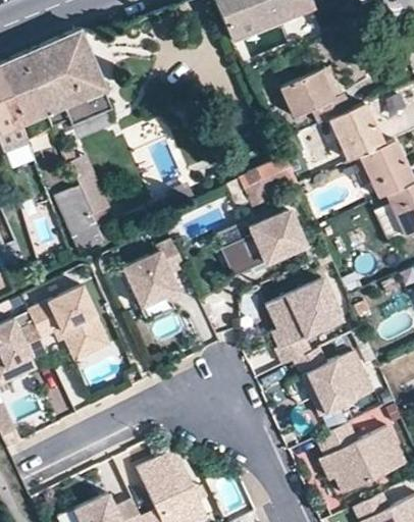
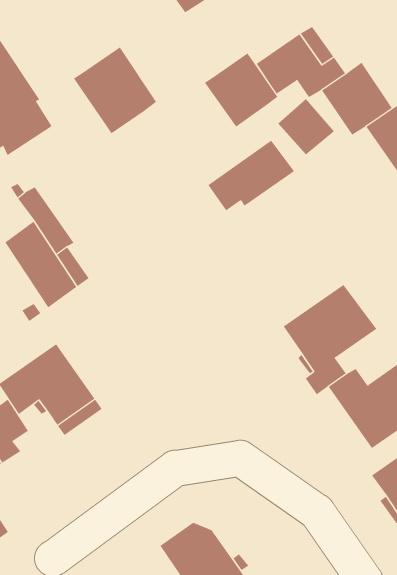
building: none -> [73,47,157,134]
building: none -> [204,52,278,128]
building: [221,200,305,267] -> none
building: [121,234,184,303] -> none

